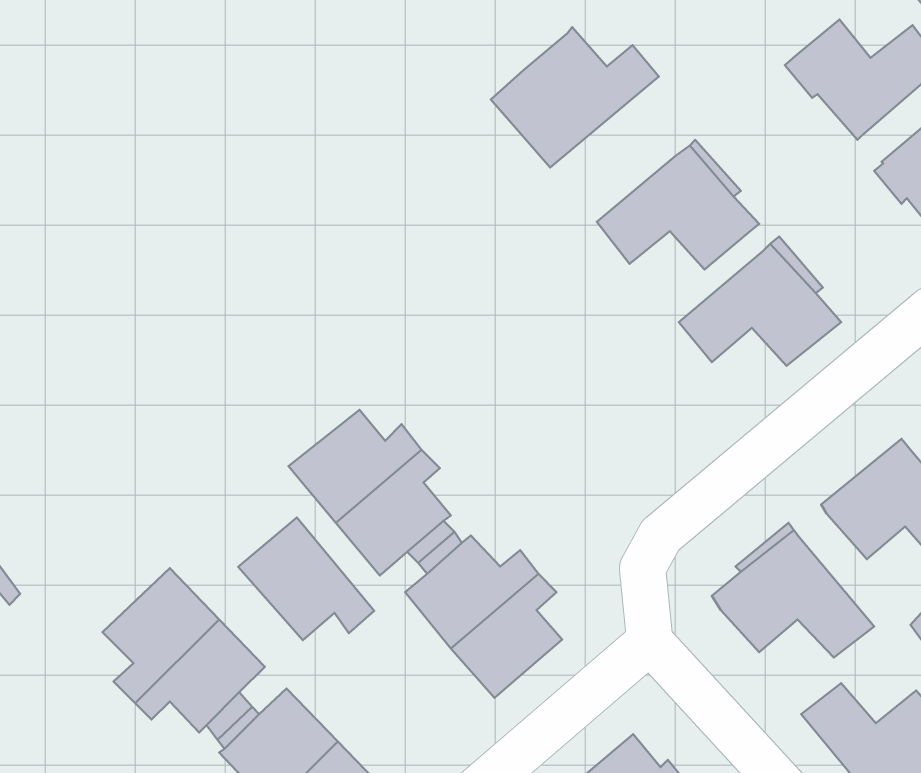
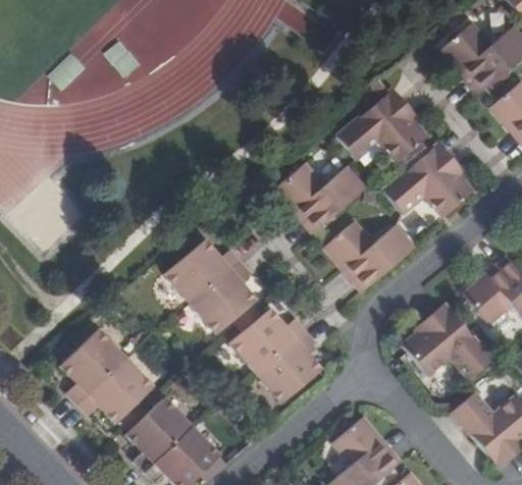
building: [491,27,659,168] -> none
building: none -> [275,163,366,231]
building: none -> [325,221,415,288]
building: [238,517,374,640] -> none

